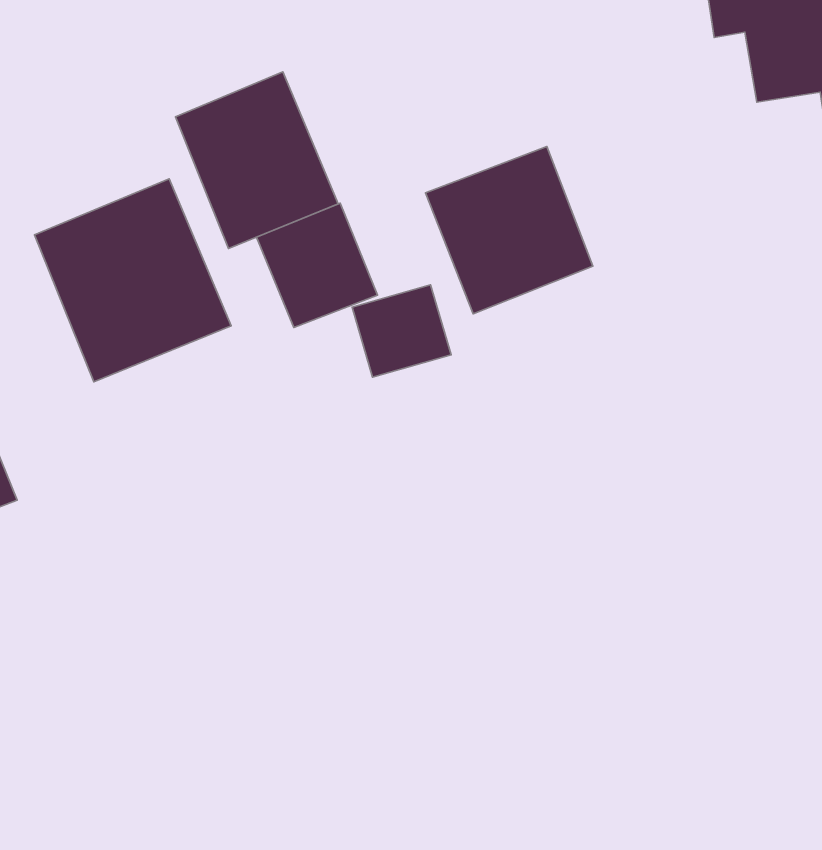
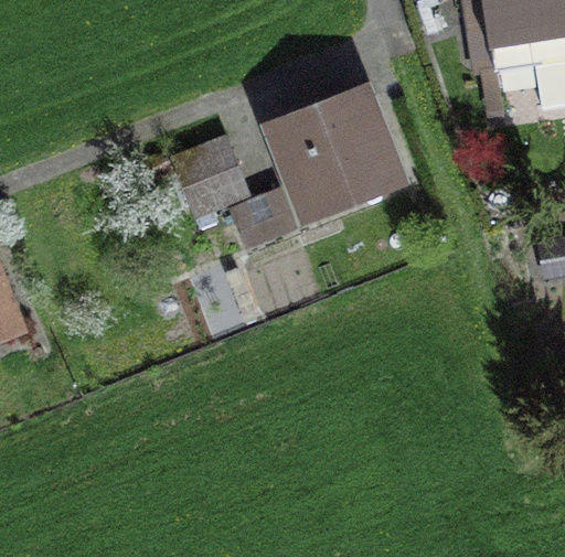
building: [175,72,338,248] -> none
building: [35,179,231,382] -> none

